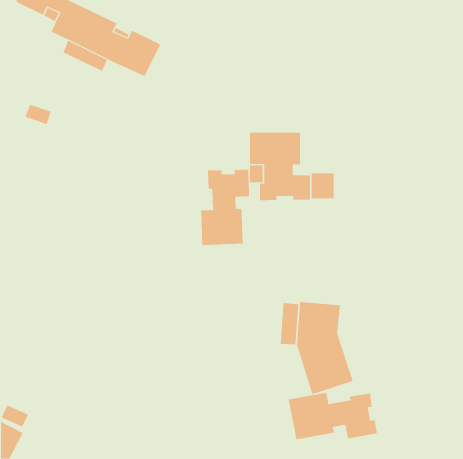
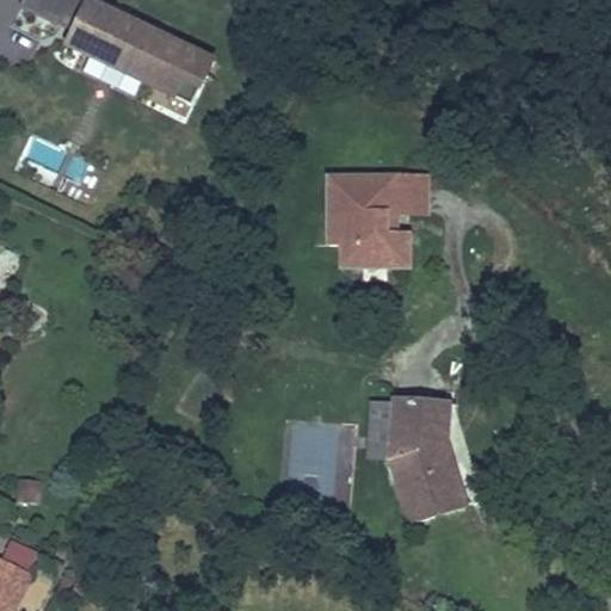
building: [201,169,250,246] -> none
building: [311,173,334,199] -> [396,174,427,209]
building: [288,392,377,440] -> none

